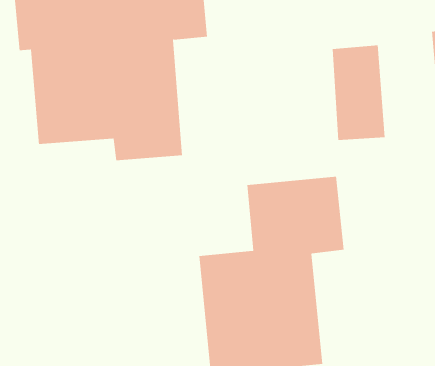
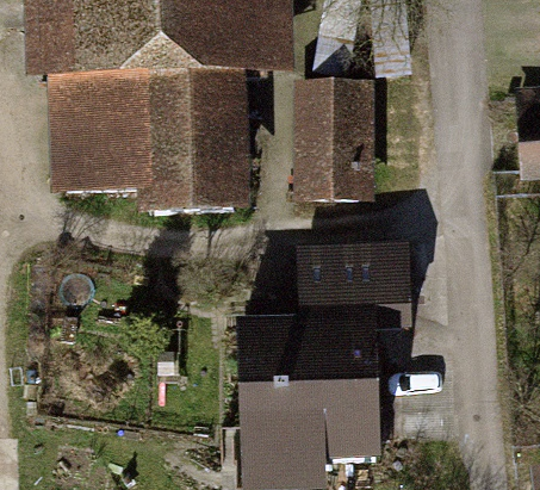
building: [332,45,385,141] -> [308,95,362,201]

